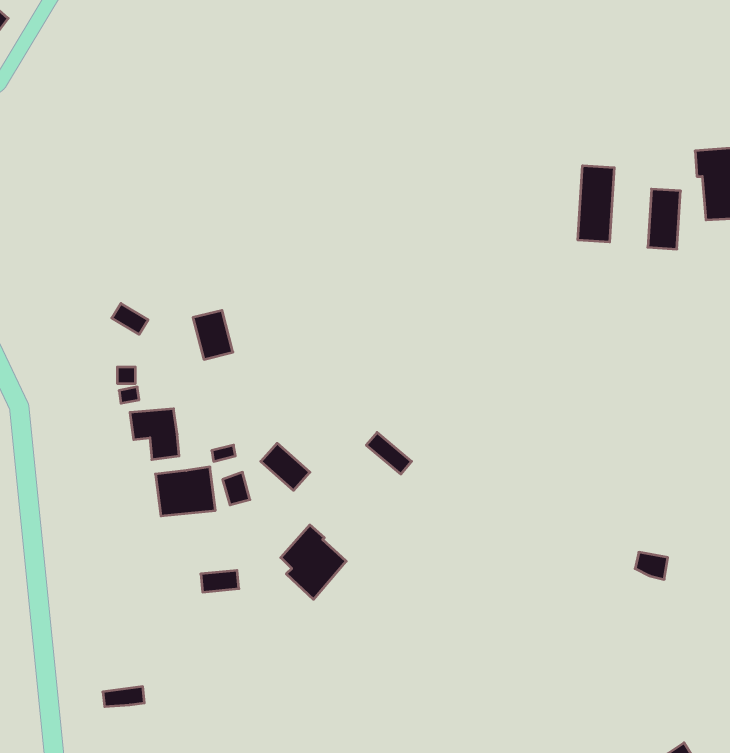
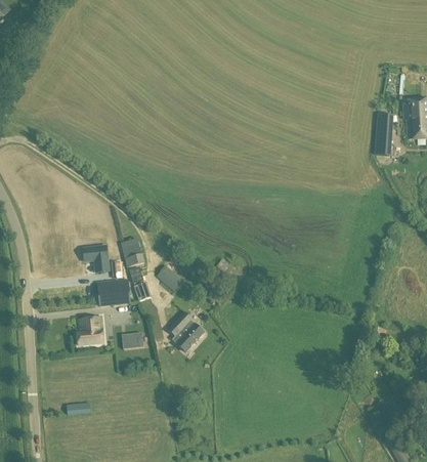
building: [578,166,614,242] -> none
building: [193,310,233,359] -> [122,239,144,266]
building: none -> [77,318,102,345]

